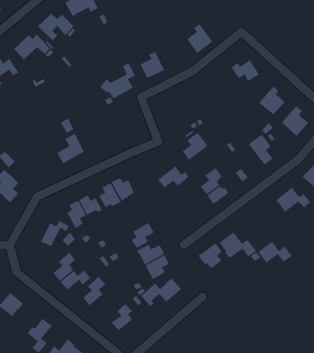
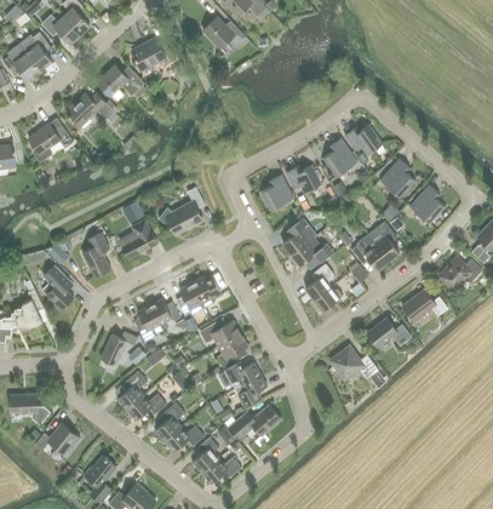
building: [185,23,213,55] -> [320,137,356,177]
building: [137,51,165,80] -> [257,173,292,210]
building: [99,62,135,99] -> [157,185,203,233]
building: none -> [285,164,322,191]
building: none -> [81,231,109,275]
building: none -> [350,233,386,268]
building: [157,165,189,188] -> [290,235,331,264]
building: none -> [199,319,239,344]
building: [258,241,292,263] -> [366,316,411,345]
building: [198,242,222,269] -> none
building: none -> [162,424,203,451]
building: none -> [200,456,241,482]

